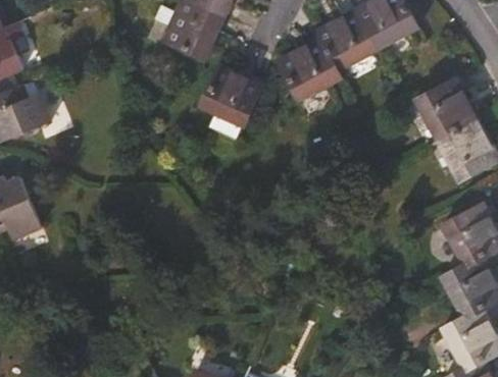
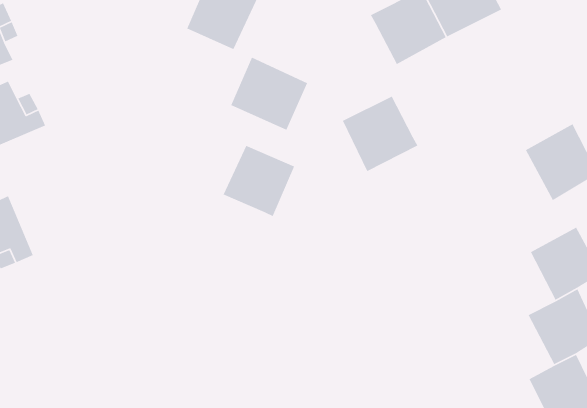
building: [277,40,339,102] -> [342,95,419,172]
building: [415,77,478,142] -> none
building: none -> [222,145,295,217]

